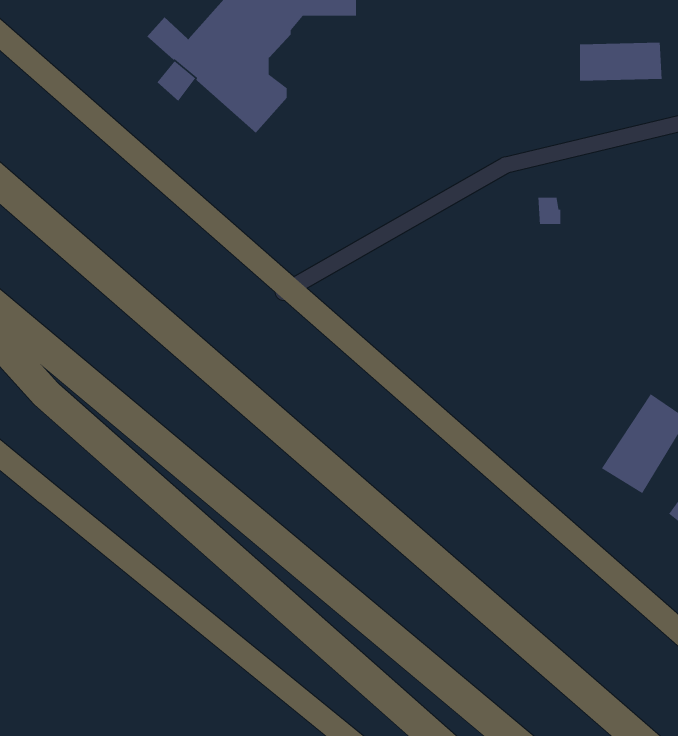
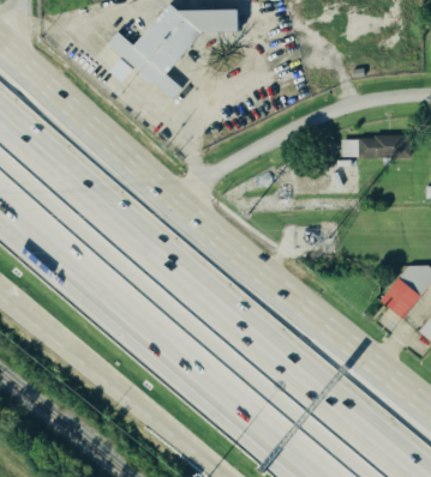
building: [579,42,662,82] -> [360,135,411,159]

